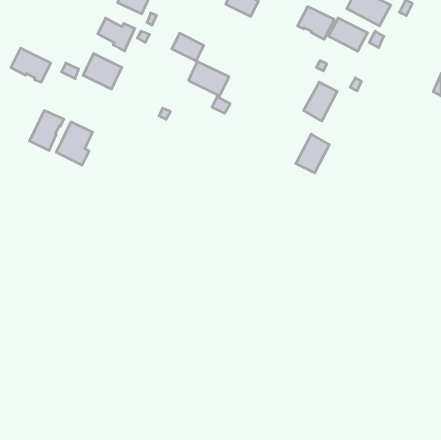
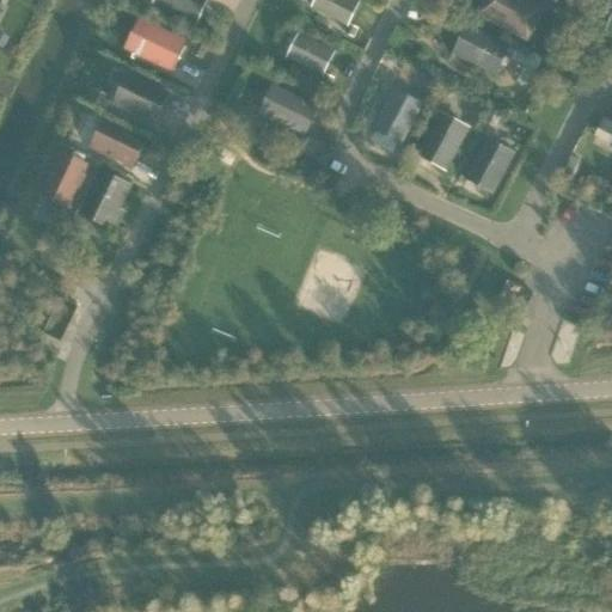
building: [298,7,334,39] -> none
building: [172,33,204,61] -> [288,33,332,72]
building: [11,48,51,82] -> [90,120,145,166]
building: none -> [374,88,421,142]
building: [296,134,329,173] -> [465,137,512,191]

